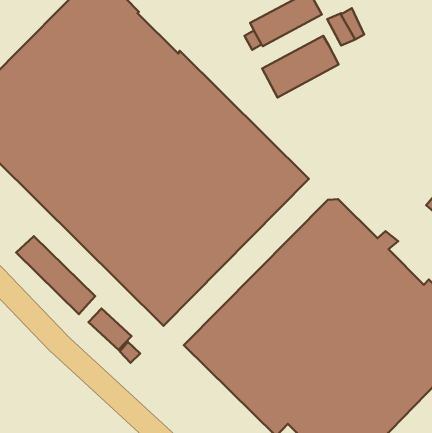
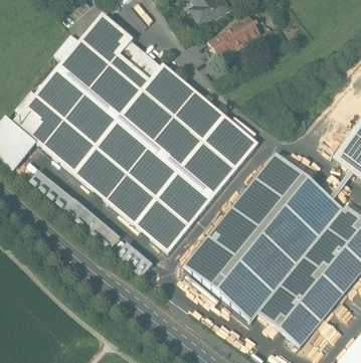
building: [262,36,338,98] -> none

